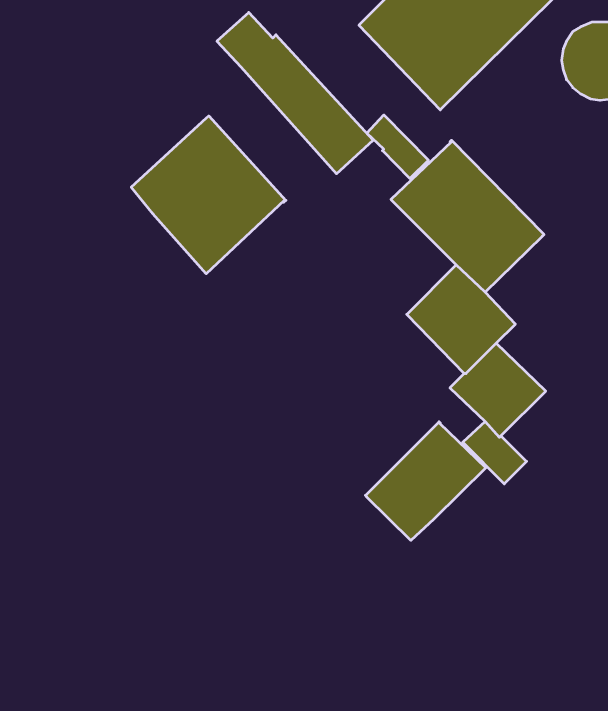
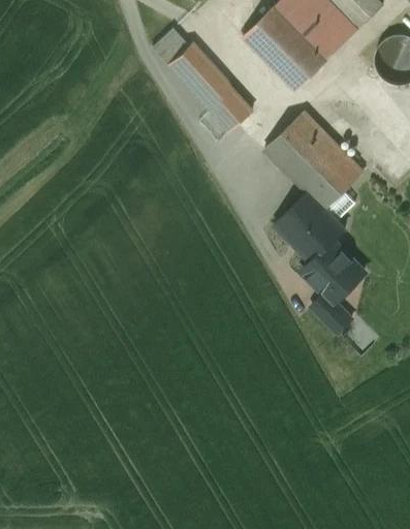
building: [367,115,428,178] -> none
building: [131,116,286,274] -> none
building: [365,422,486,540] -> none

